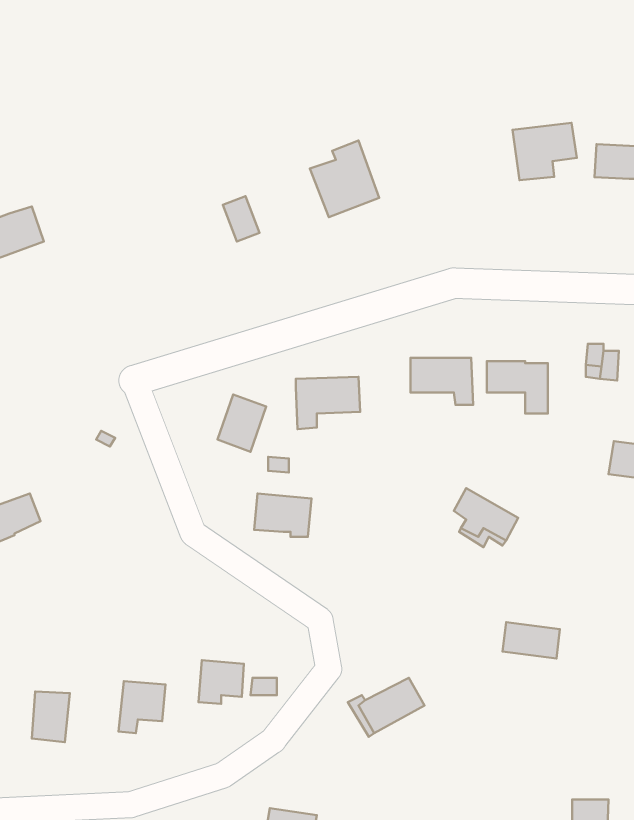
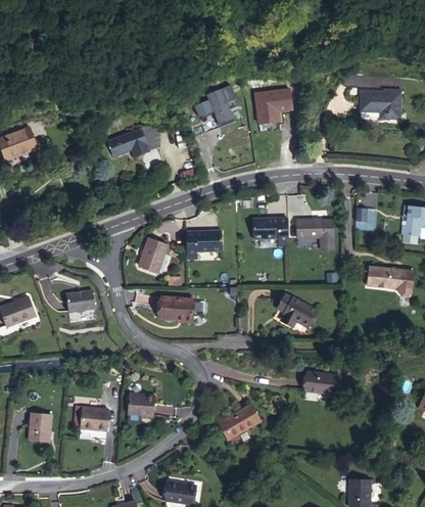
building: [512,123,577,180] -> [253,85,291,119]
building: none -> [108,128,149,156]
building: none -> [68,287,98,310]

